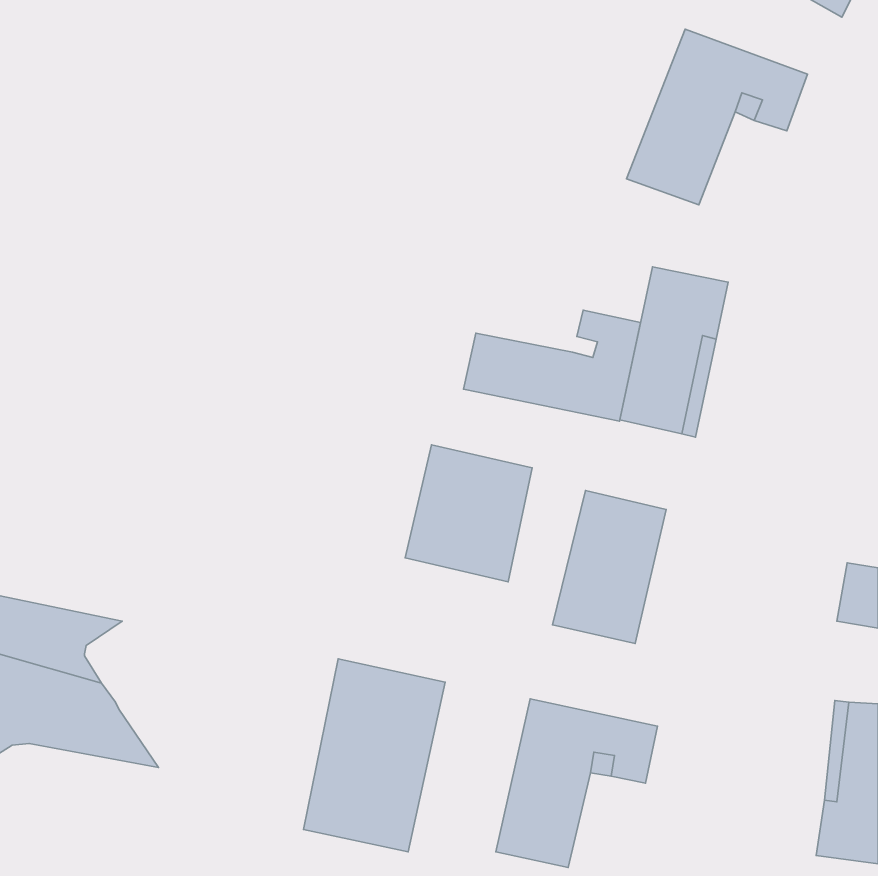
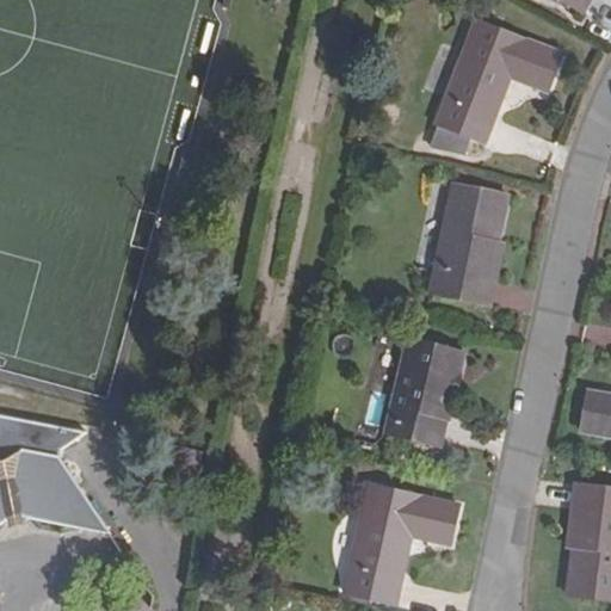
building: [464,310,641,421] -> none
building: [405,445,532,582] -> none
building: [303,659,445,852] -> none

